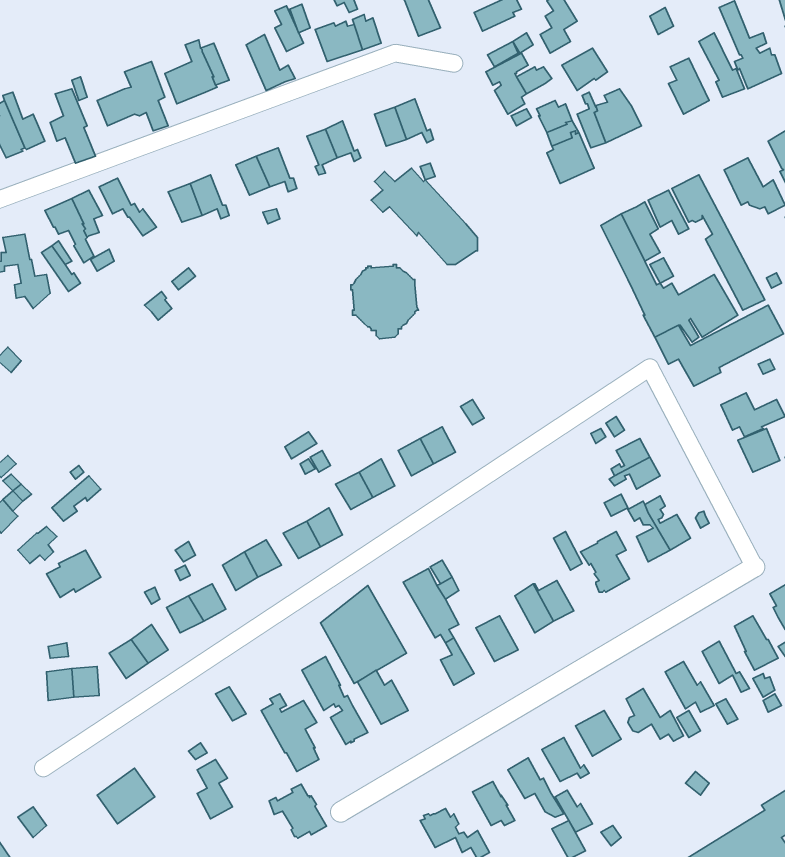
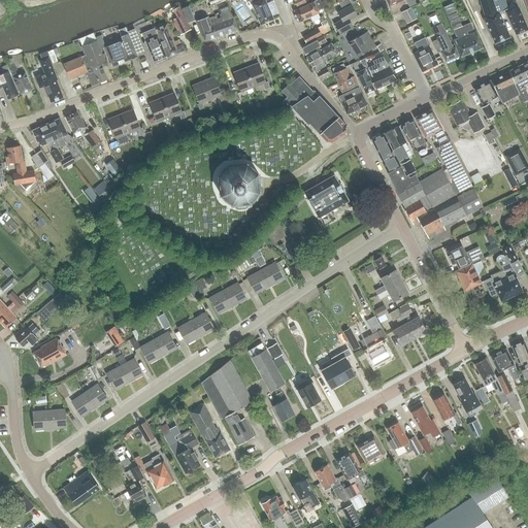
building: none -> [141,27,166,60]
building: [371,168,478,264] -> [280,82,345,141]
building: none -> [304,174,349,217]
building: [269,784,327,838] -> [138,454,173,487]

